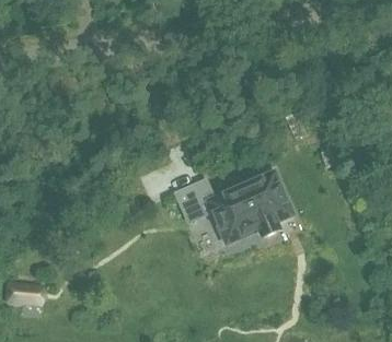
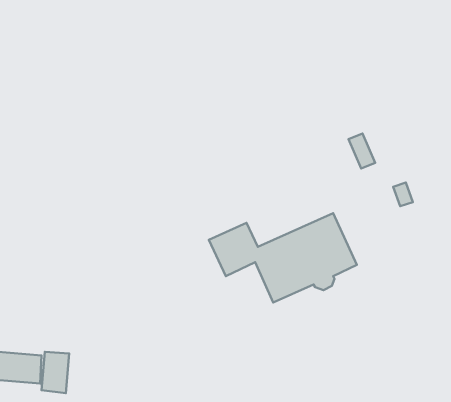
building: none -> [41,352,69,393]

